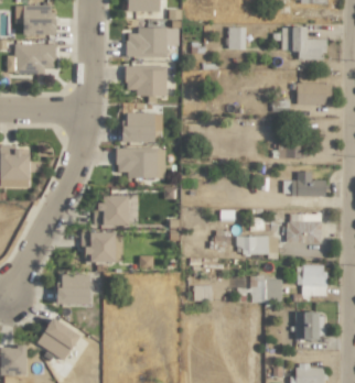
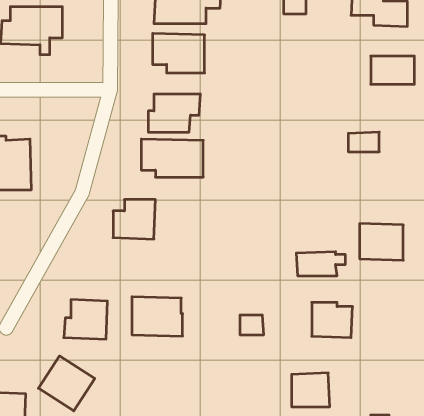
building: [283,172,327,196] -> none
building: [83,231,122,262] -> [132,297,183,336]
building: [297,265,326,296] -> none
building: [294,313,324,339] -> [292,373,330,407]

